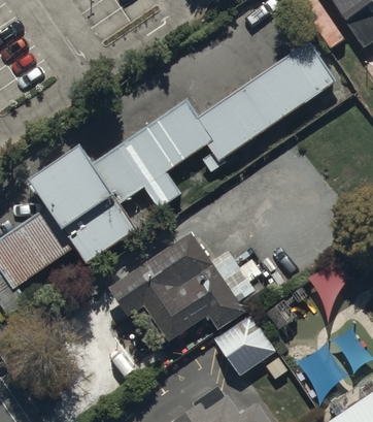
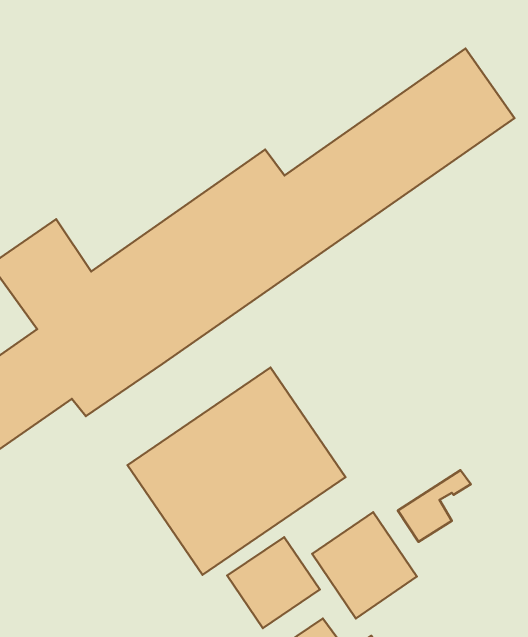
building: none -> [227,537,320,628]

